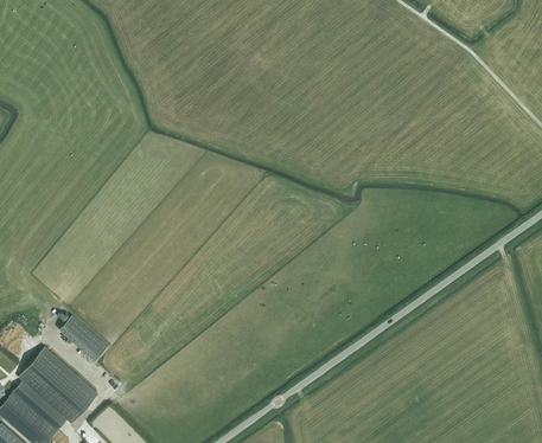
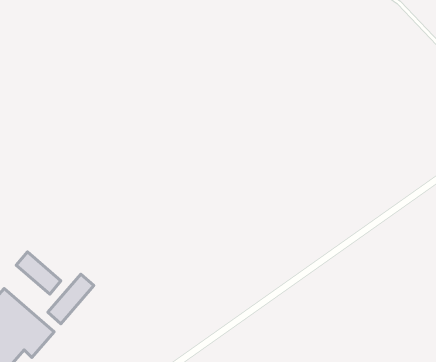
building: none -> [48,274,94,324]

